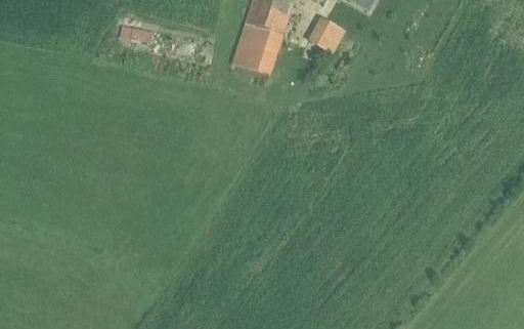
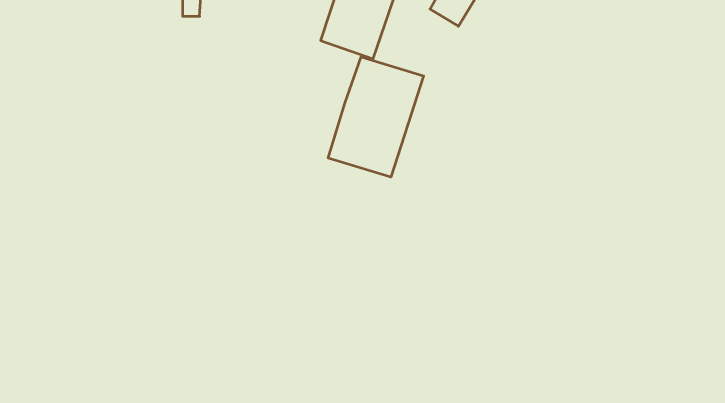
building: none -> [328,57,424,177]

